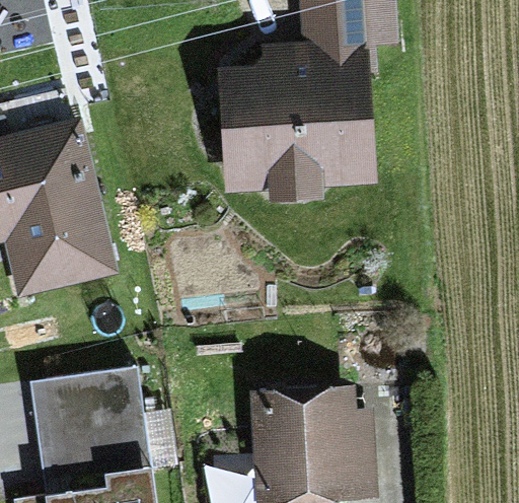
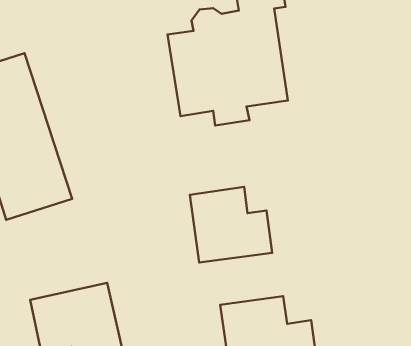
building: none -> [190,187,272,262]

